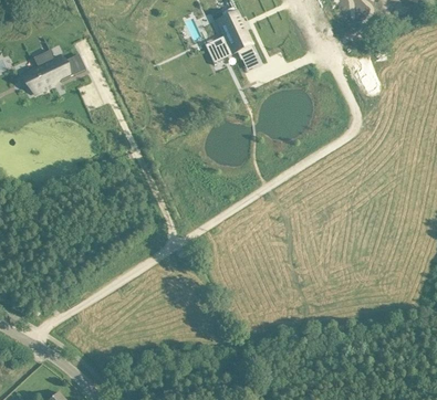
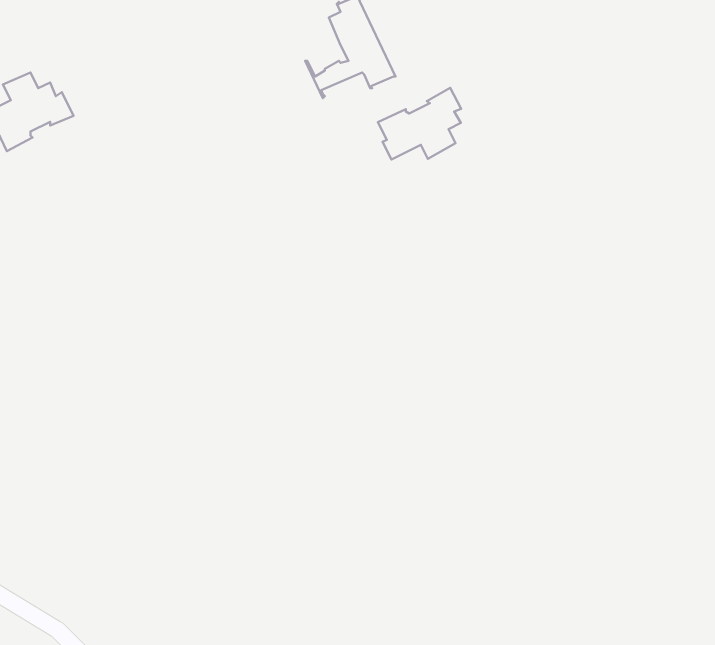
building: none -> [378,88,461,159]

